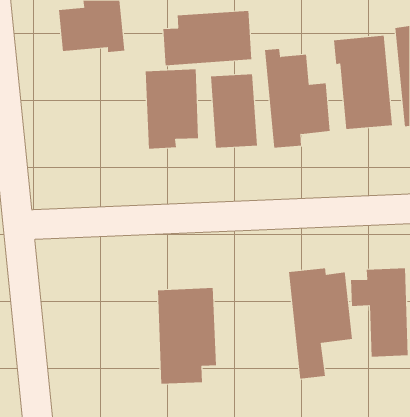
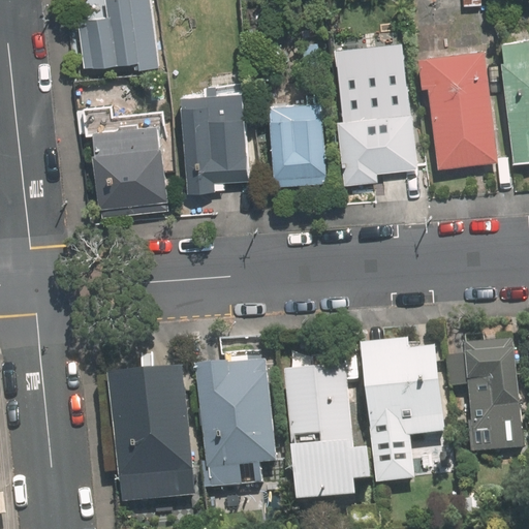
building: [163,10,252,66] -> none
building: none -> [72,98,169,208]
building: none -> [287,353,374,500]
building: none -> [110,370,191,504]

